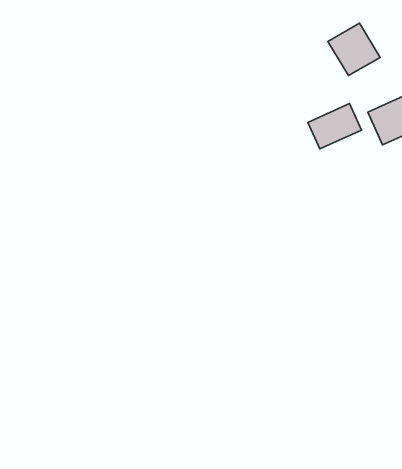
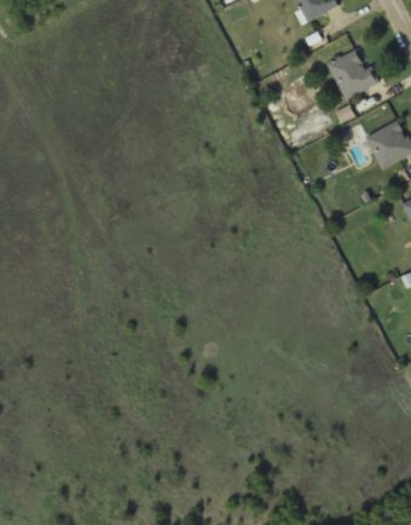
building: [308,104,362,149] -> none

